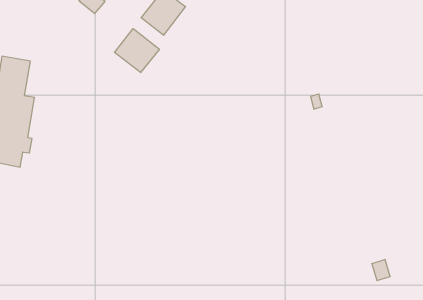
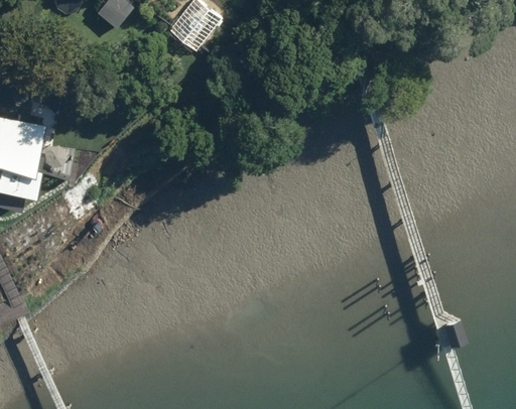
building: [115,29,159,72] -> none

